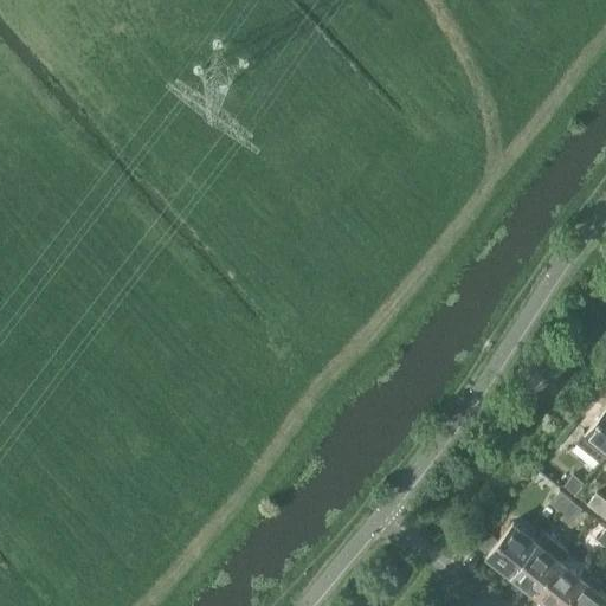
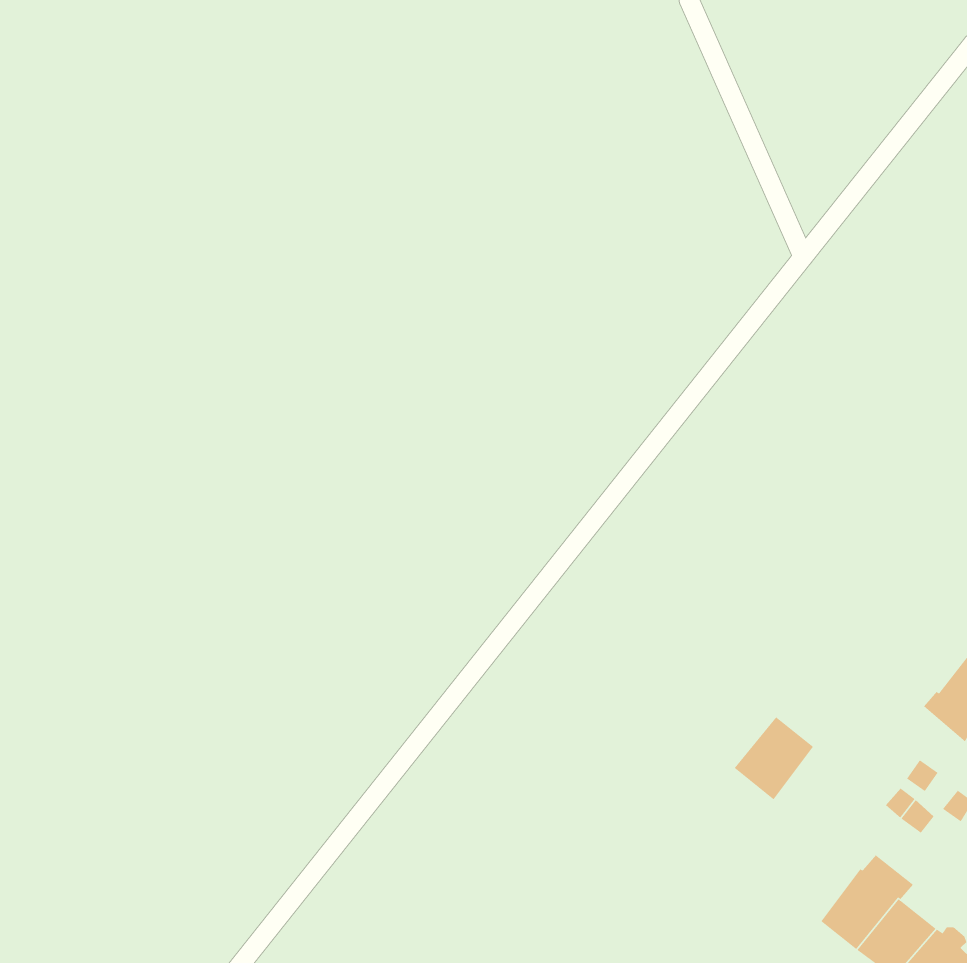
building: [489,527,539,579] -> [734,717,814,800]

